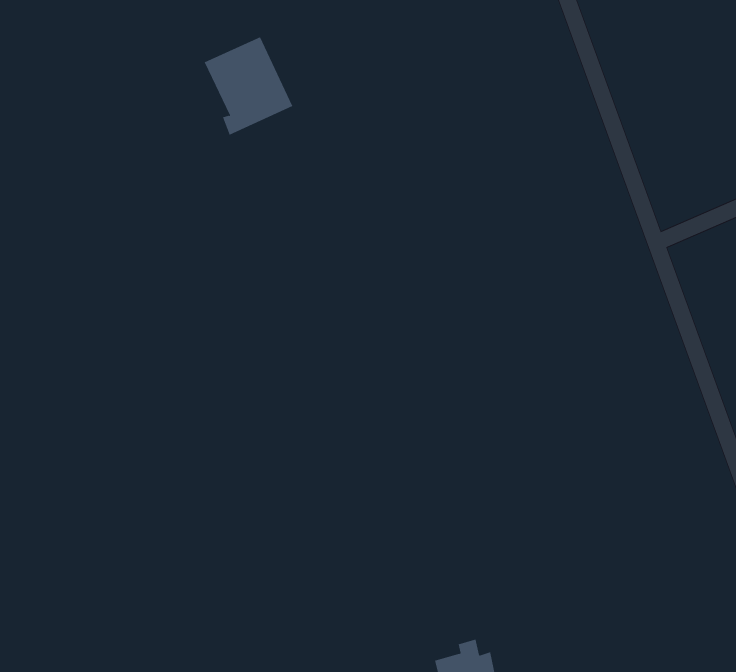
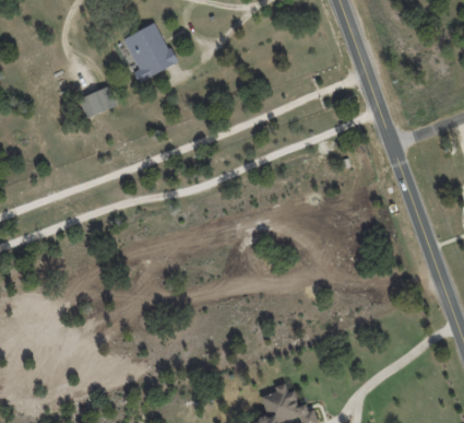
building: none -> [80,86,118,117]

